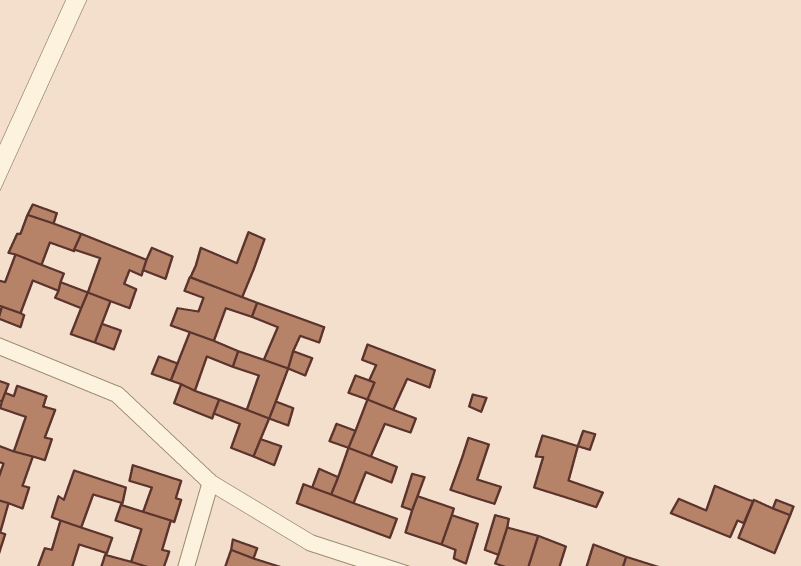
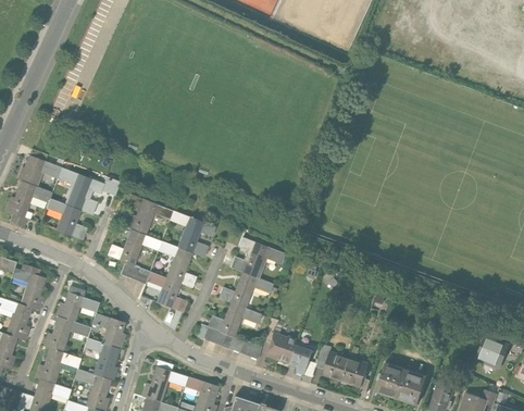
building: [190,232,264,297] -> none
building: none -> [55,285,99,322]
building: [534,436,603,507] -> none
building: [451,438,501,504] -> none
building: [671,486,753,537] -> none

